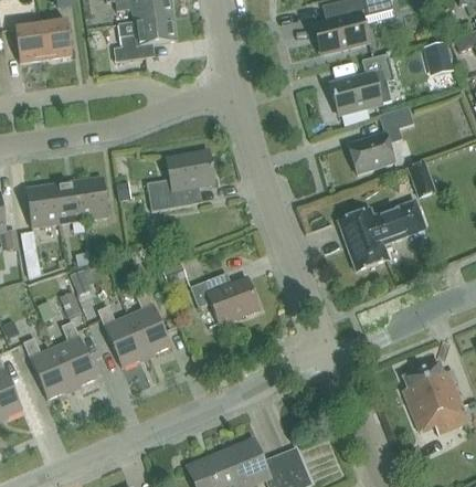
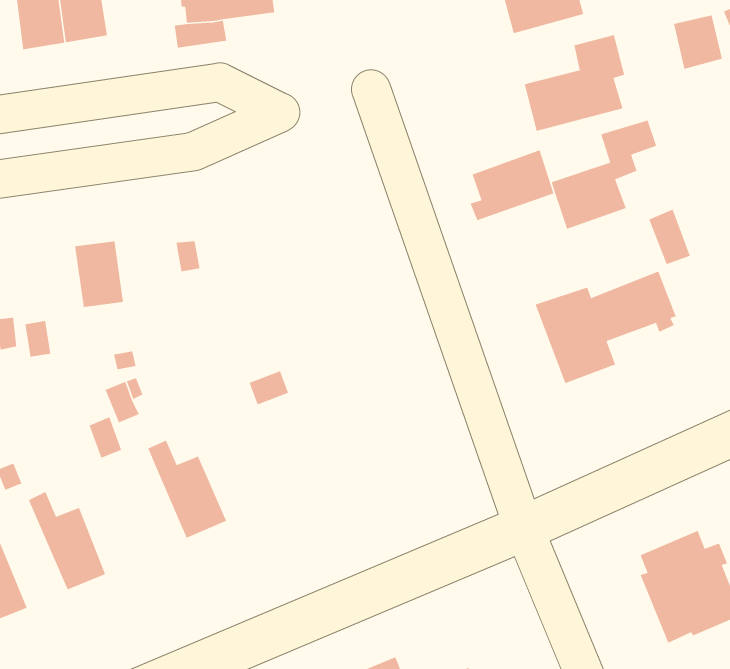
building: none -> [469,149,554,221]
building: [147,151,215,211] -> none
building: [77,177,108,220] -> none
building: [27,184,57,226] -> none
building: [190,275,260,324] -> none
building: [129,288,171,356] -> none
building: [55,320,97,389] -> none

